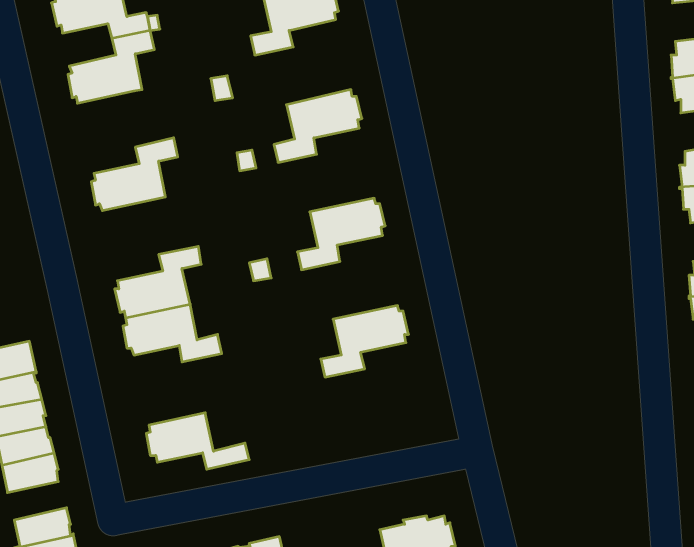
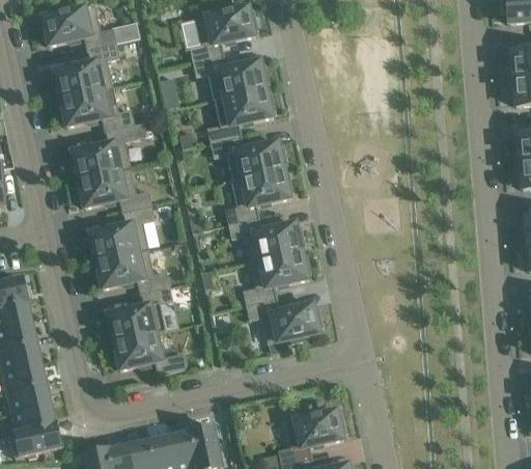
building: none -> [194,55,269,99]
building: none -> [59,86,134,130]
building: none -> [212,136,286,180]
building: none -> [76,168,151,212]
building: none -> [229,217,304,260]
building: none -> [106,286,172,340]
building: none -> [247,298,322,342]
building: none -> [7,383,52,412]

